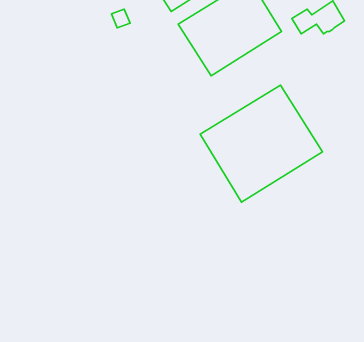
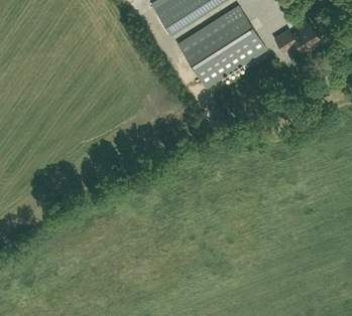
building: [200,85,322,202] -> none

